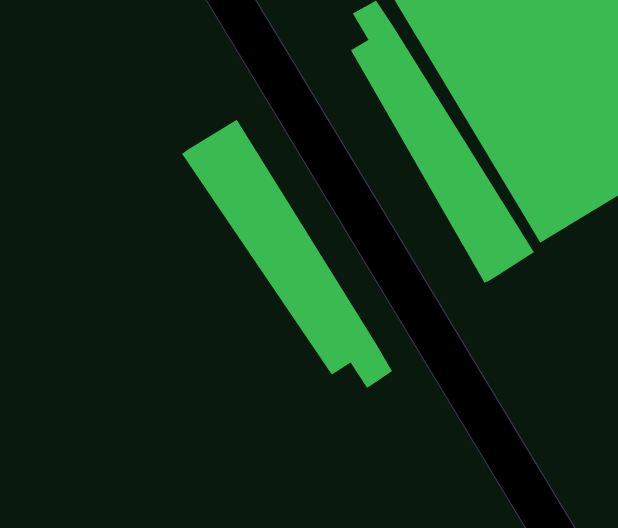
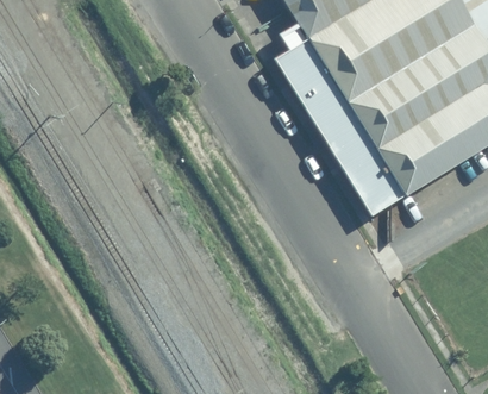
building: [181,119,393,389] -> none

